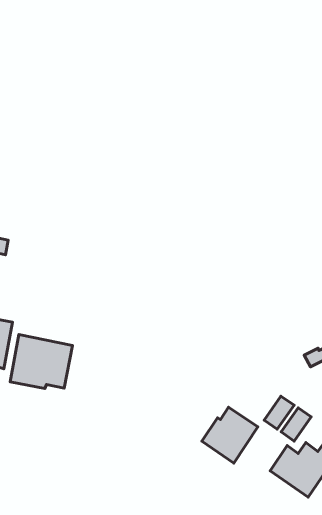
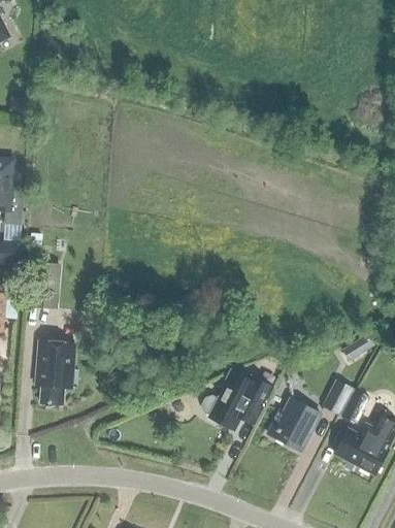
building: [10,334,72,388] -> none
building: none -> [202,371,271,429]

